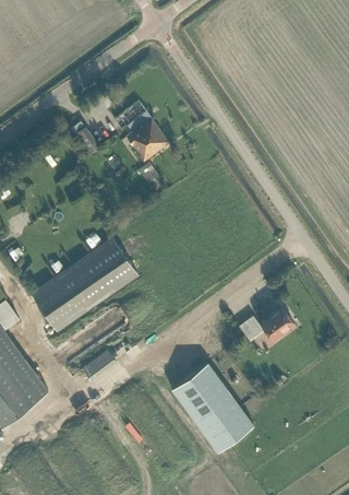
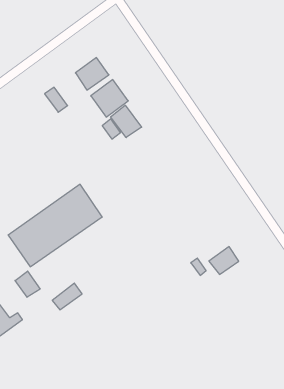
building: none -> [111,105,142,138]
building: none -> [15,271,40,297]
building: [172,364,254,453] -> none

